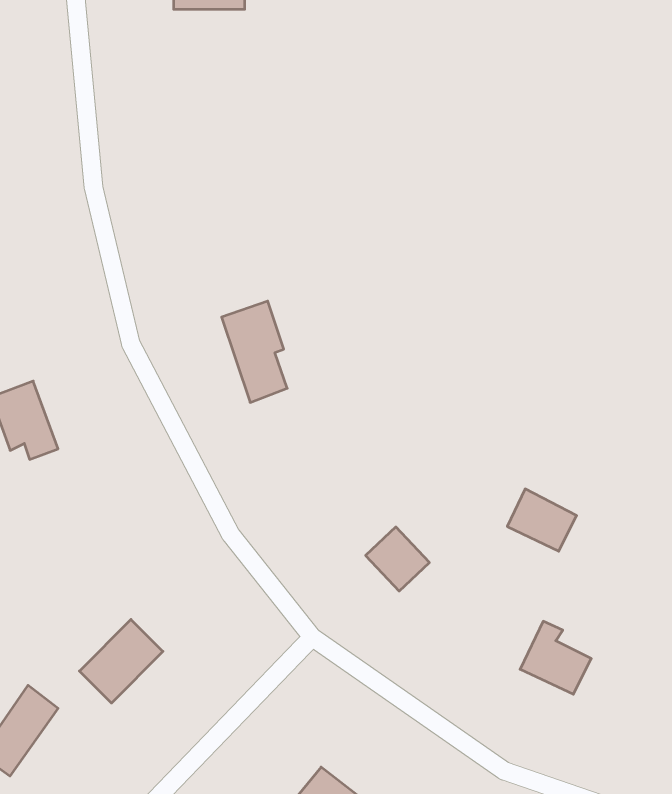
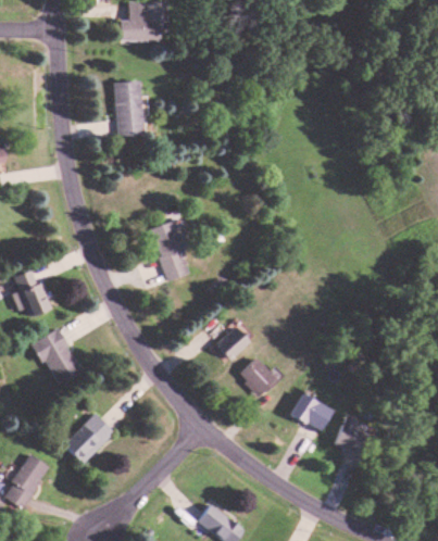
building: none -> [114,80,145,136]
building: none -> [216,326,250,360]
building: none -> [34,329,82,387]
building: [507,489,577,551] -> [291,392,334,430]

